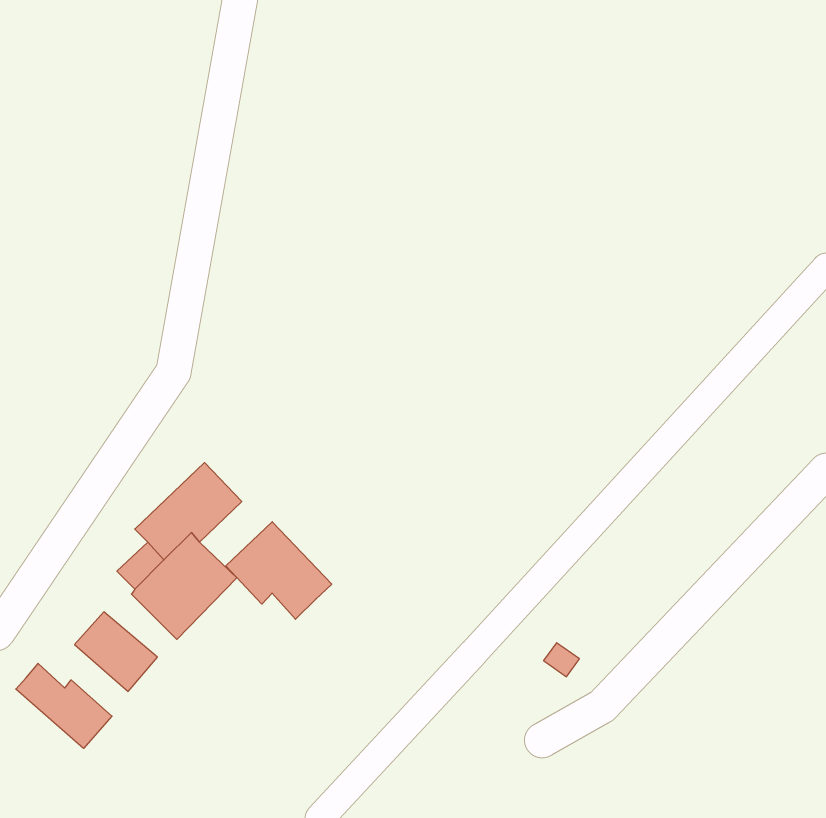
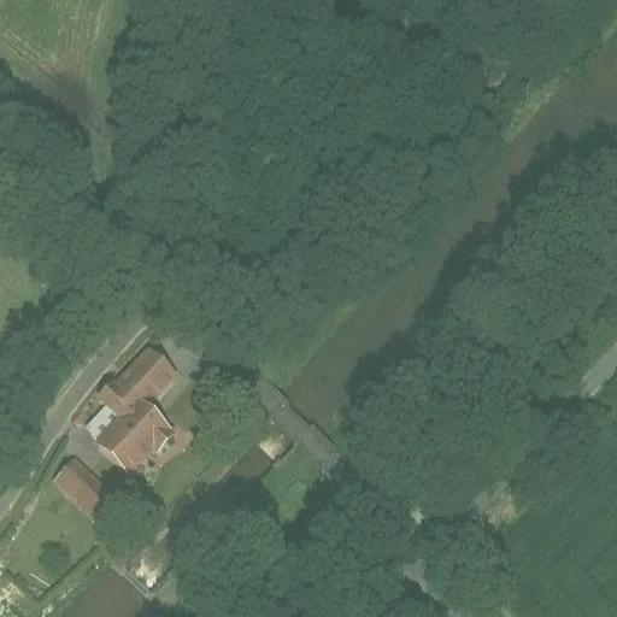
building: [226,522,332,619] -> none
building: [16,663,112,748] -> none

